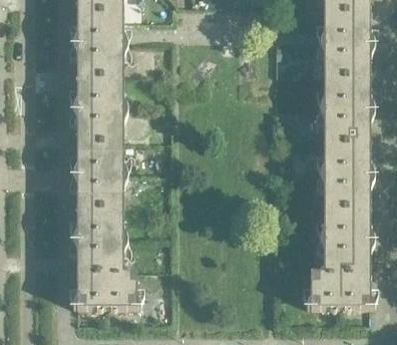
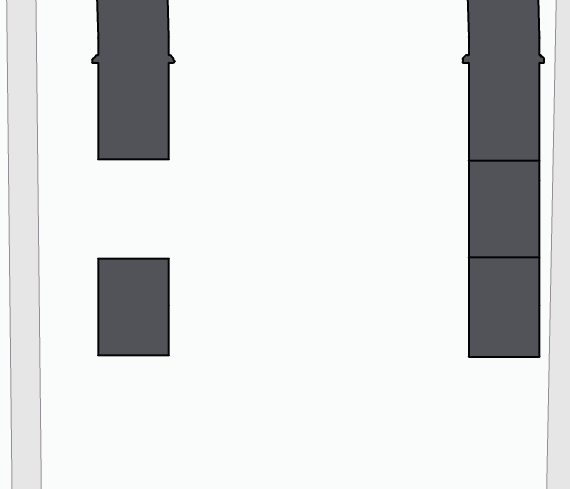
building: [75,107,122,174] -> none
building: [75,238,135,306] -> none
building: [309,239,369,306] -> none

